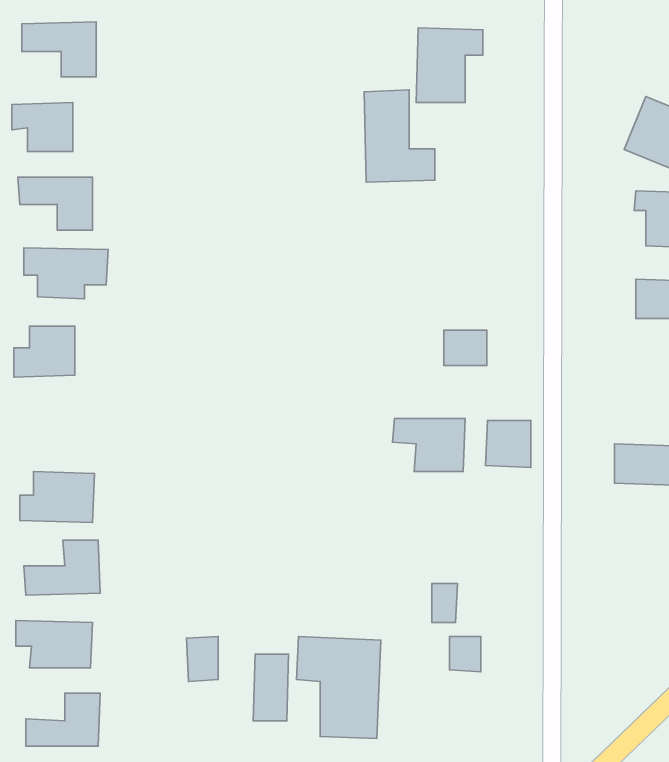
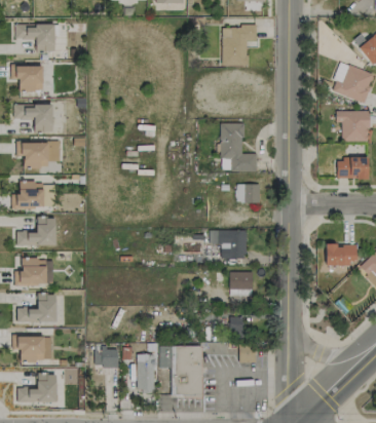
building: [364,90,435,182] -> [220,123,257,171]
building: none -> [16,218,55,246]
building: [486,420,531,468] -> [229,272,253,297]

